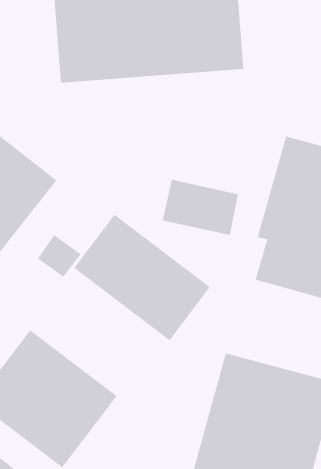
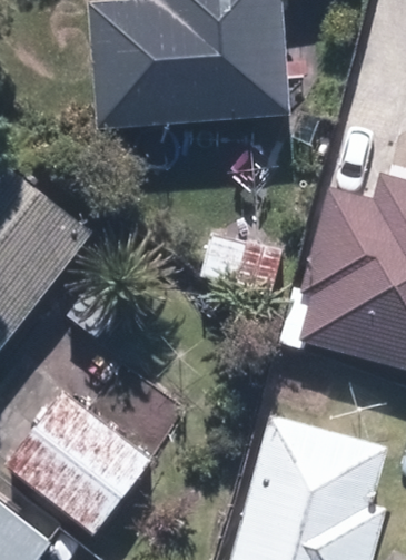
building: [73,214,211,341] -> none

